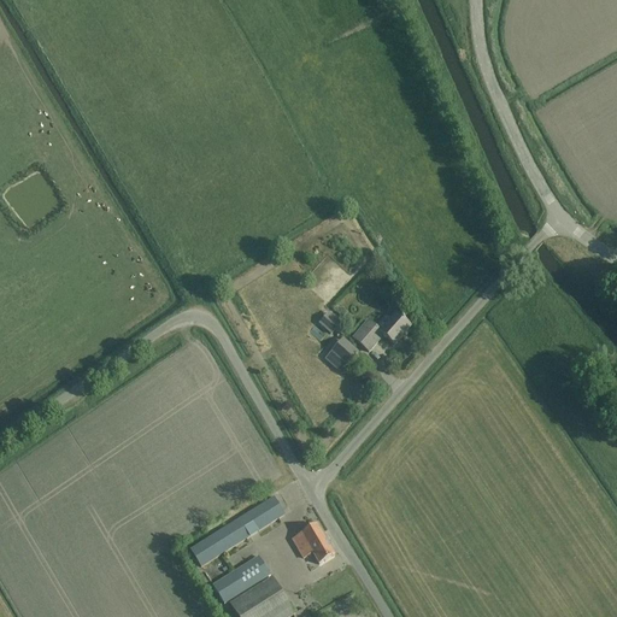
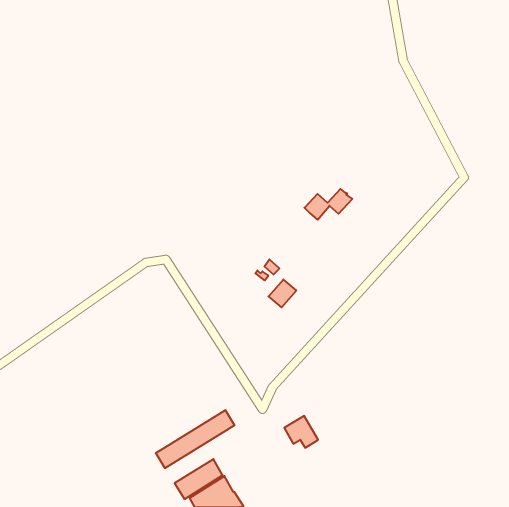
building: [352,313,410,351] -> [304,189,352,220]
building: [292,524,333,563] -> [284,416,318,448]

